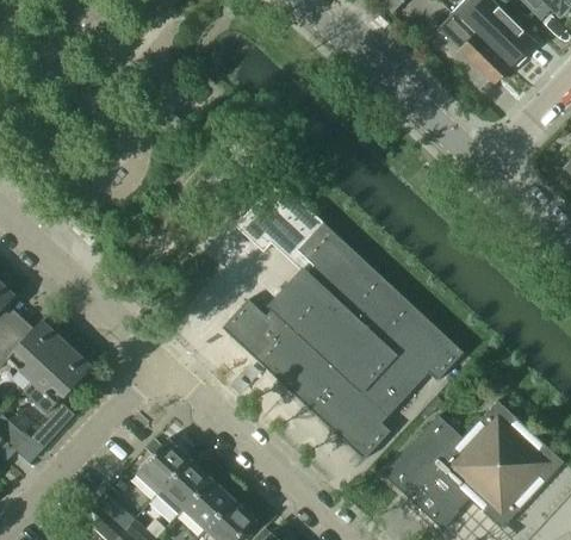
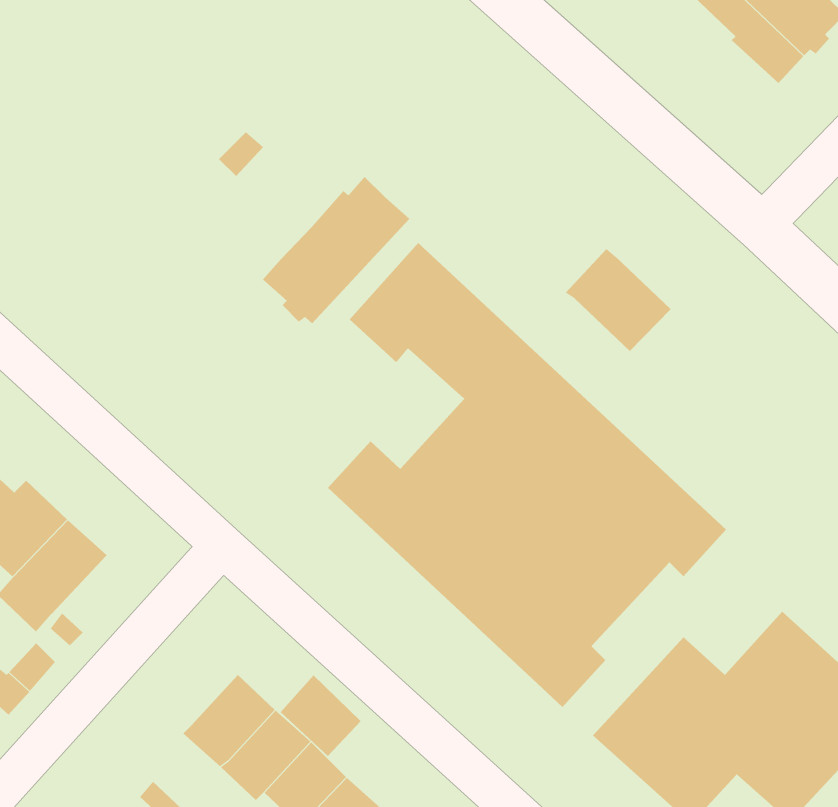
building: none -> [262,176,410,324]
building: none -> [565,248,671,352]
building: none -> [280,675,362,757]

